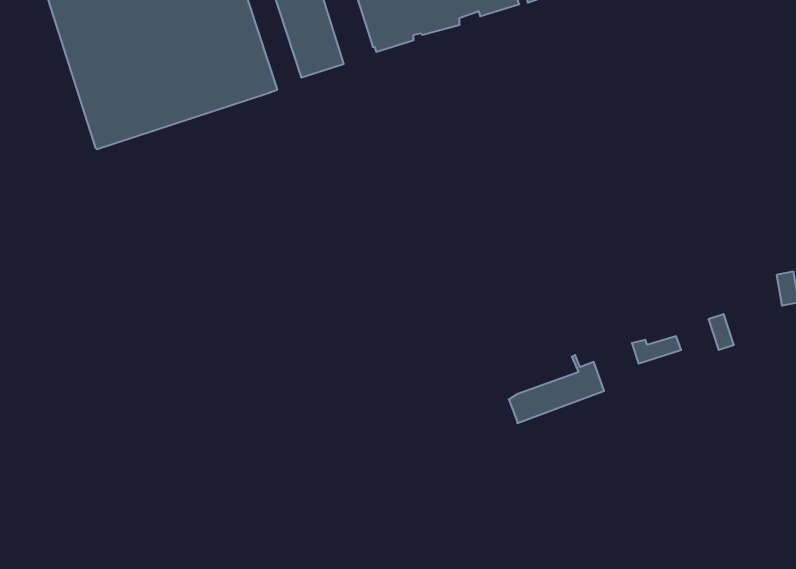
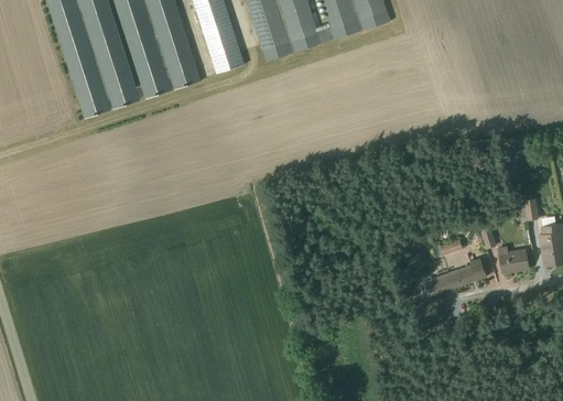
building: none -> [498,246,528,272]
building: [509,355,604,423] -> [424,253,486,297]

